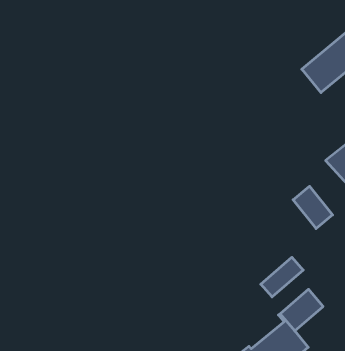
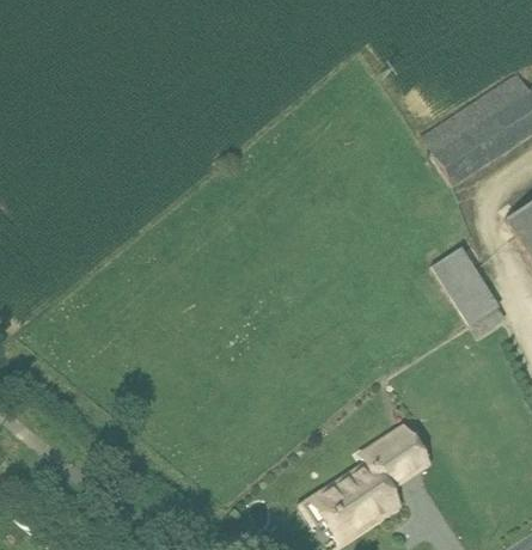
building: [293,186,333,229] -> none
building: [261,257,303,297] -> none

